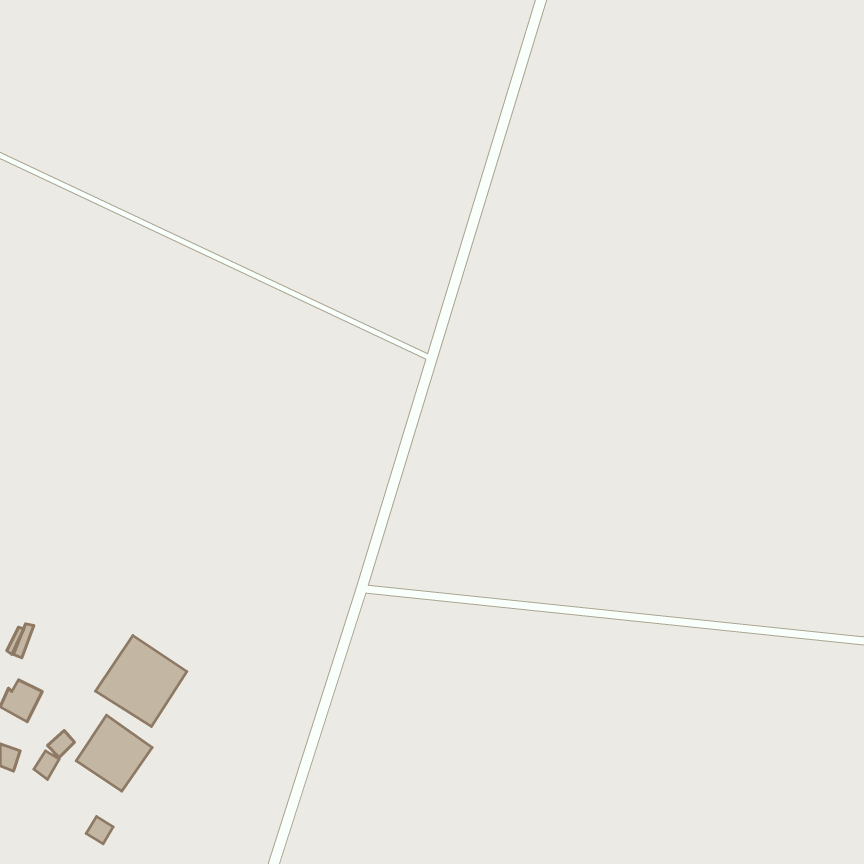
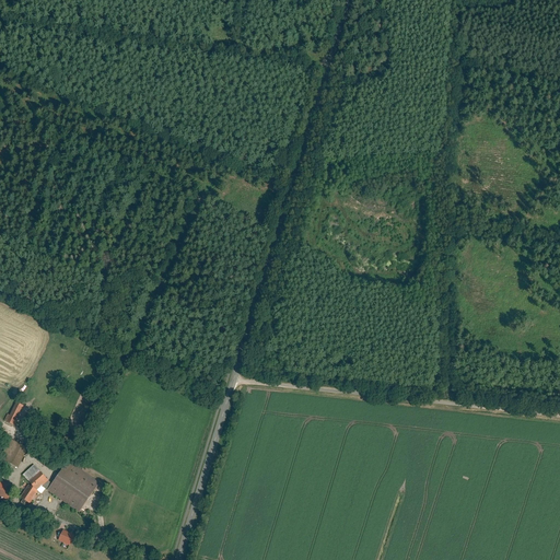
building: [96,635,187,726] -> none

